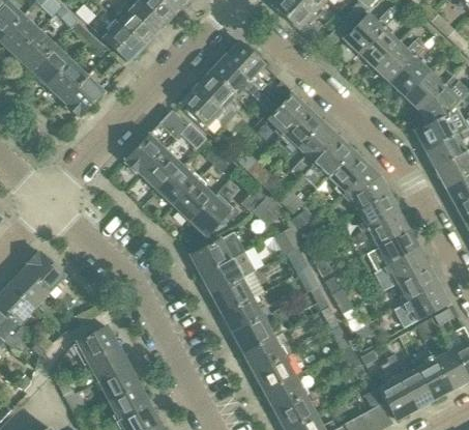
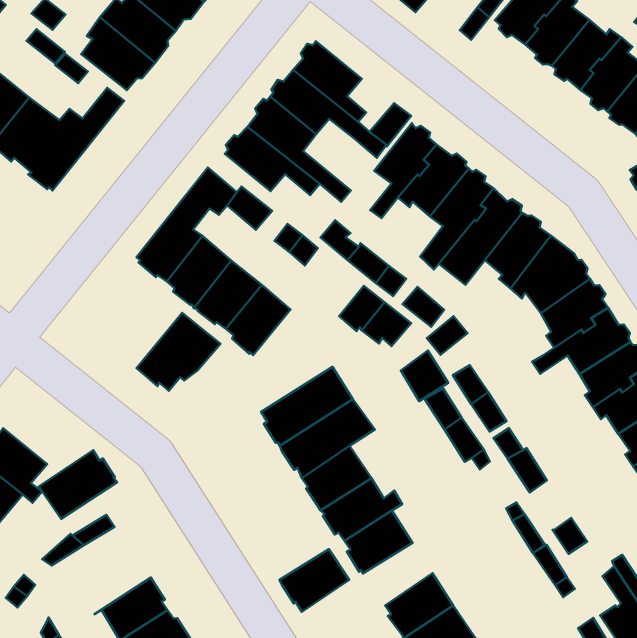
building: [189,191,239,235] -> [137,313,220,391]
building: [75,325,120,364] -> [39,450,117,519]
building: [243,337,284,372] -> [280,549,349,612]

